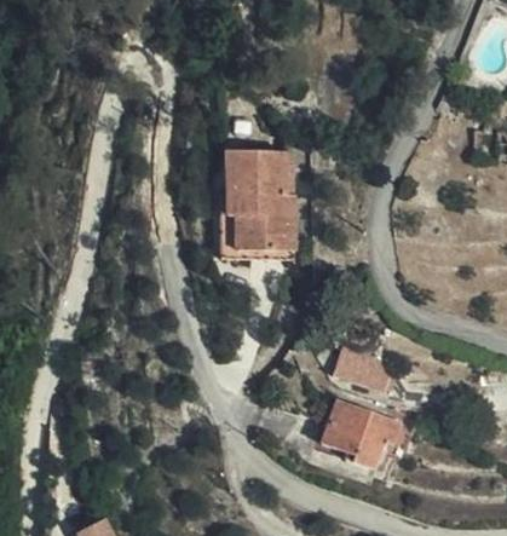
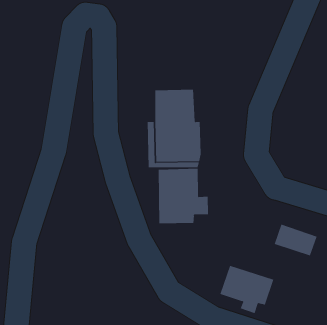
building: none -> [158,168,209,224]
building: [330,355,392,400] -> [274,224,317,256]

